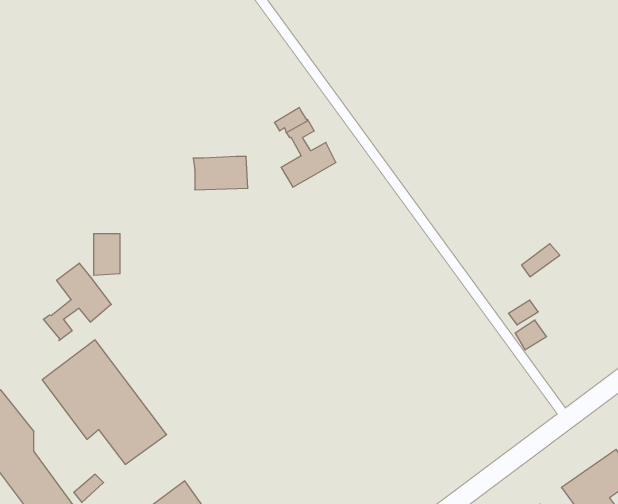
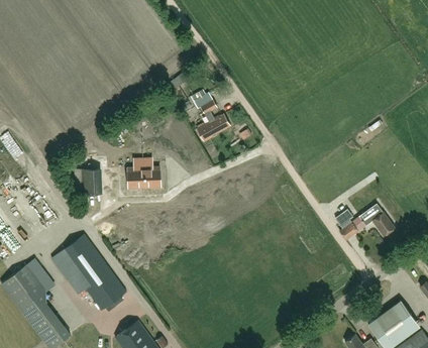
building: [193,157,248,190] -> [127,167,160,188]
building: [43,263,111,341] -> none
building: none -> [359,204,395,236]

